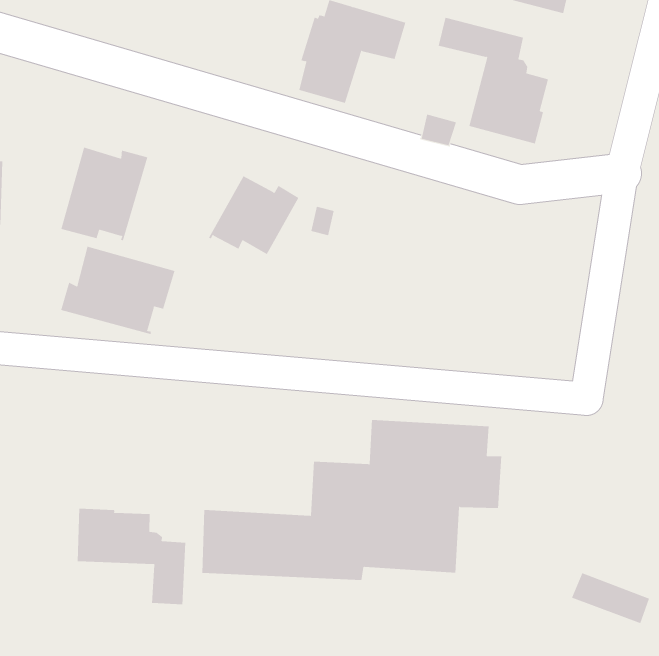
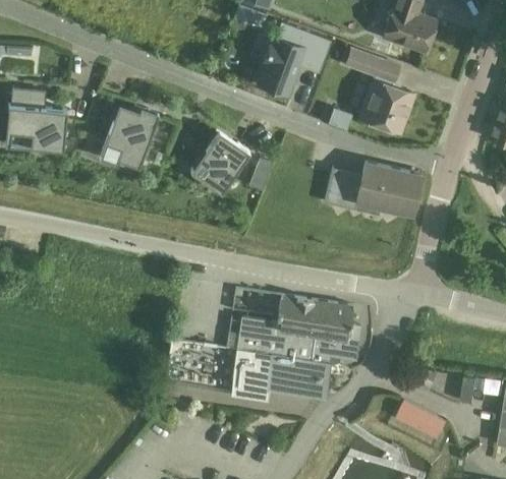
building: none -> [325,161,423,215]
building: [61,246,175,335] -> none
building: [77,508,186,605] -> none

